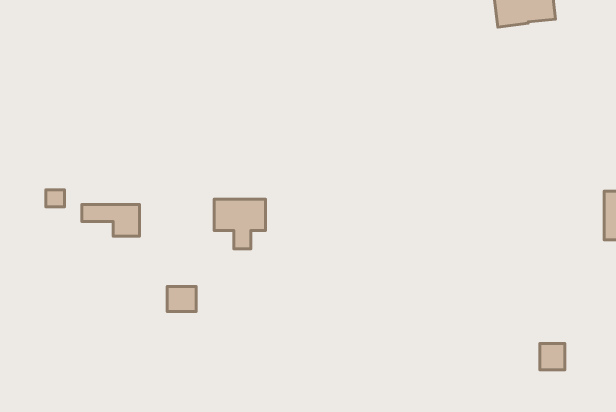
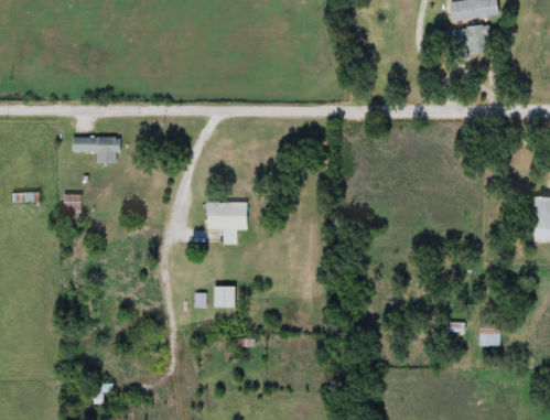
building: [82,205,140,236] -> [71,137,119,163]
building: [167,287,196,312] -> [213,287,237,308]

